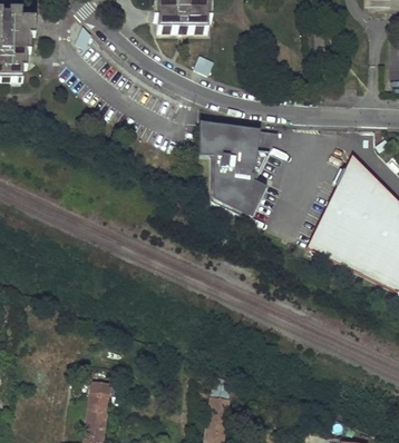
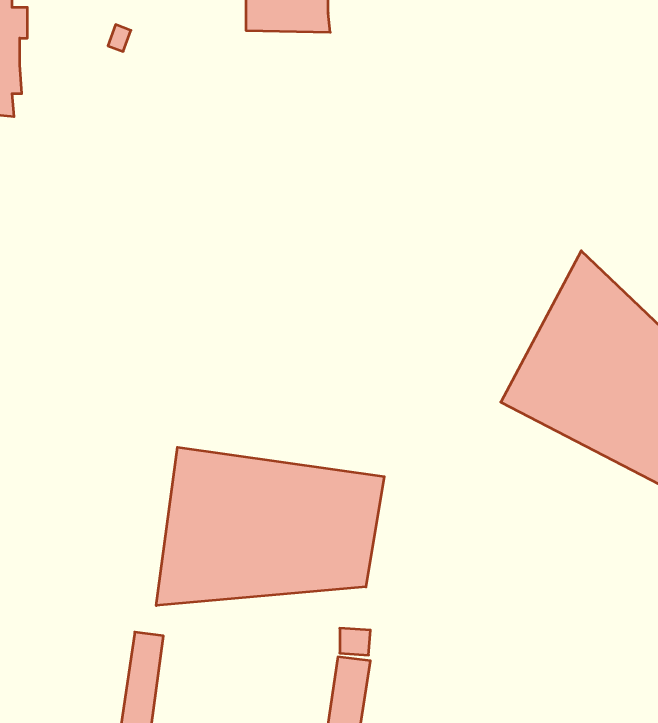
building: [198,121,263,217] -> none
building: none -> [156,447,384,606]

